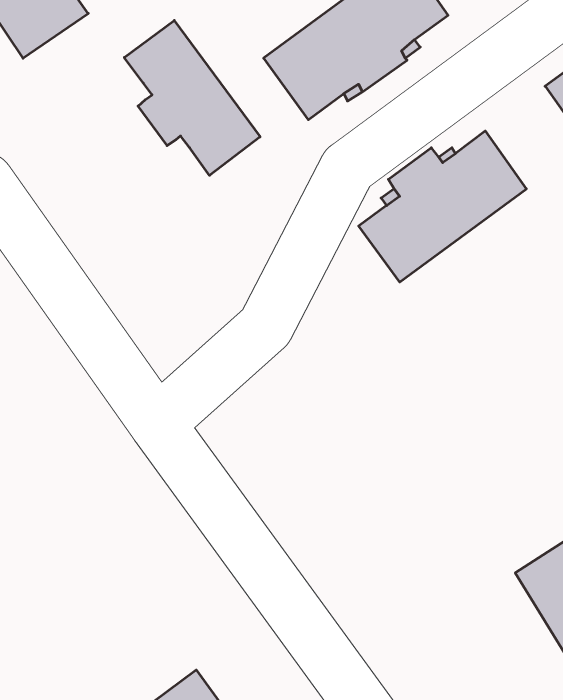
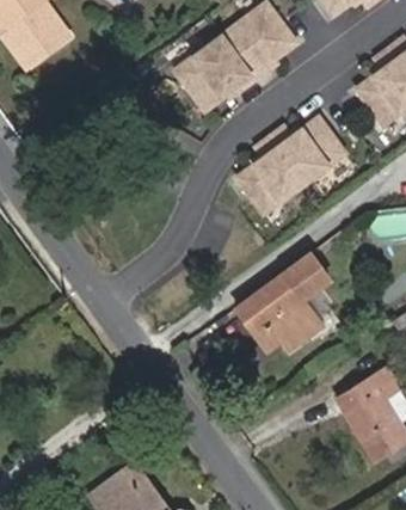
building: [124,20,260,175] -> none
building: none -> [236,254,331,352]

